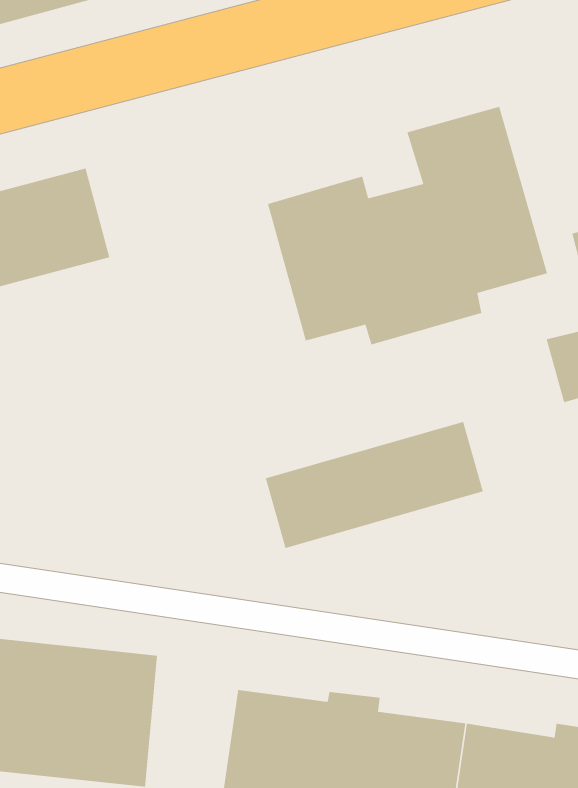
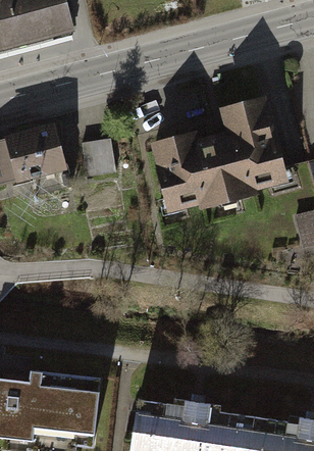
building: none -> [84,134,117,176]
building: [265,421,484,549] -> none

